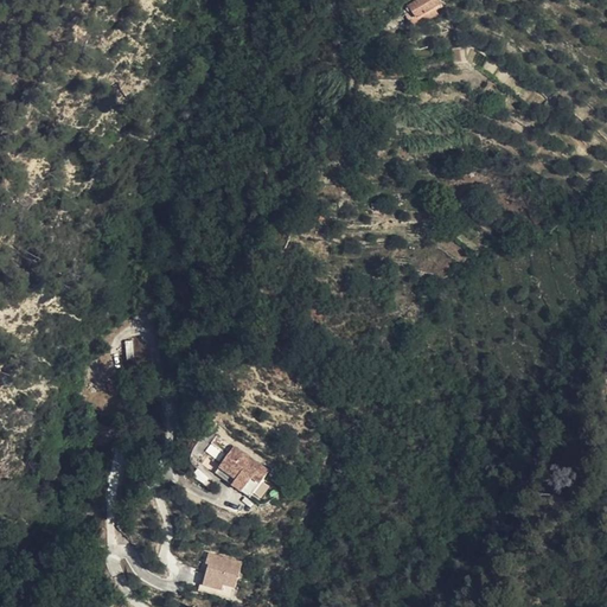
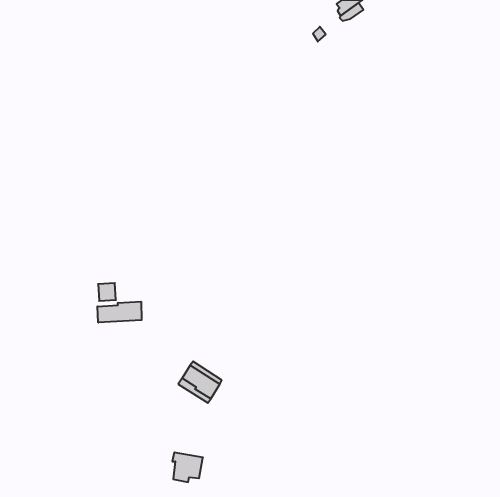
building: none -> [97,302,142,323]

